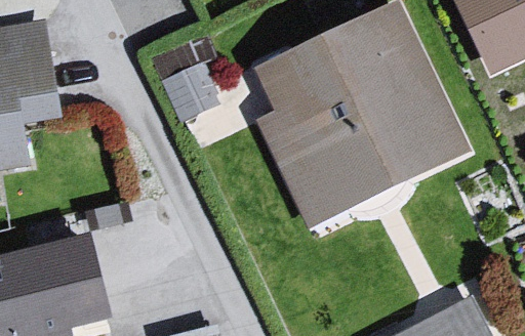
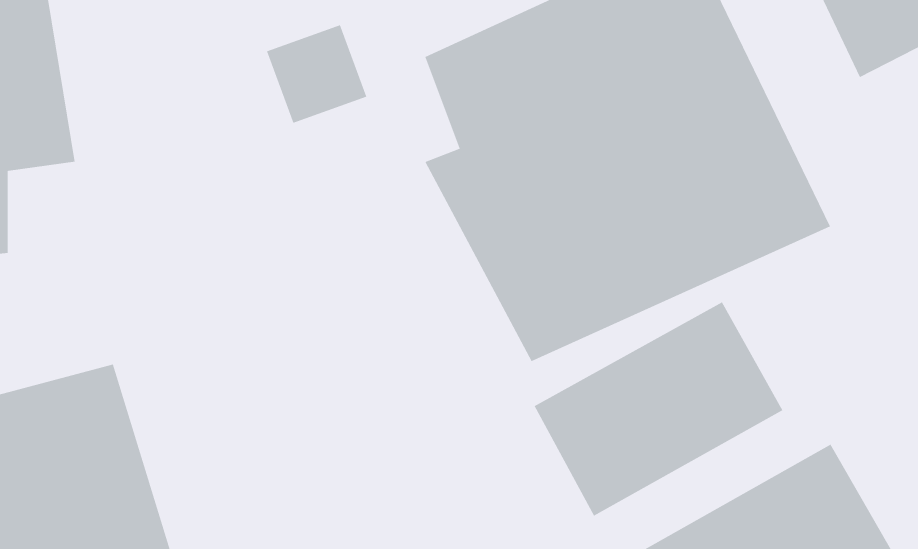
building: none -> [534,301,783,517]

